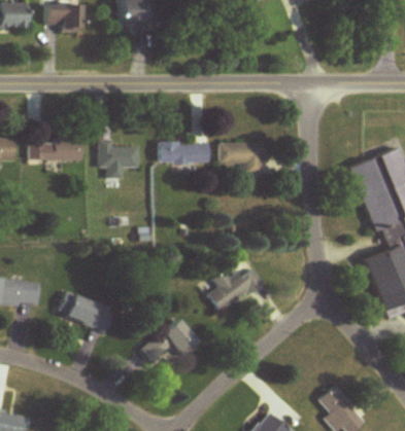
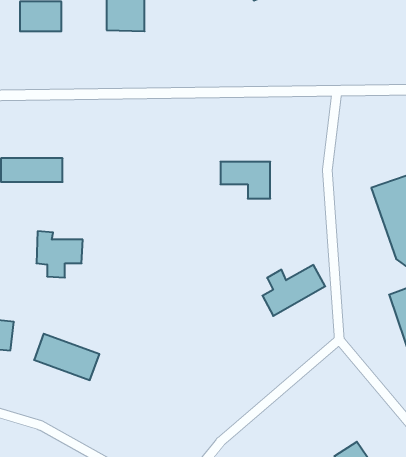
building: [99,139,139,179] -> [36,231,83,278]
building: [159,142,209,163] -> none
building: [208,267,263,312] -> [262,265,325,316]
building: [141,319,198,363] -> none

